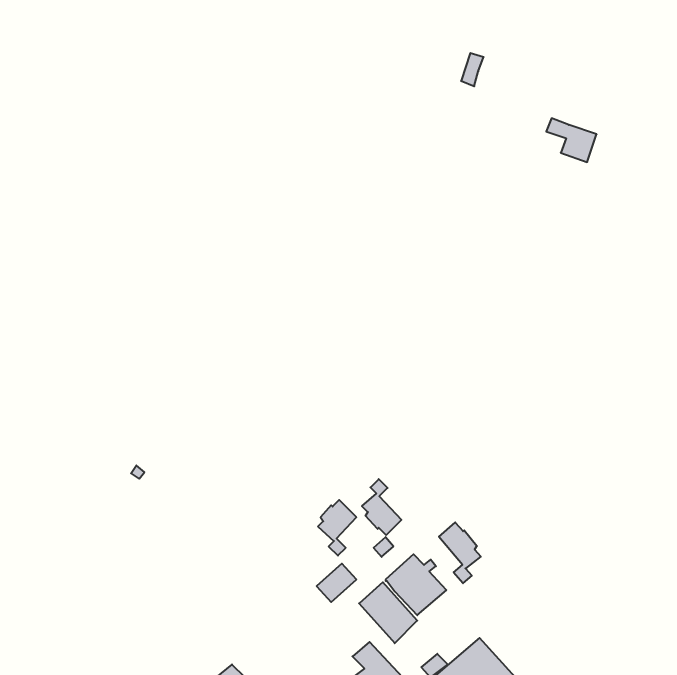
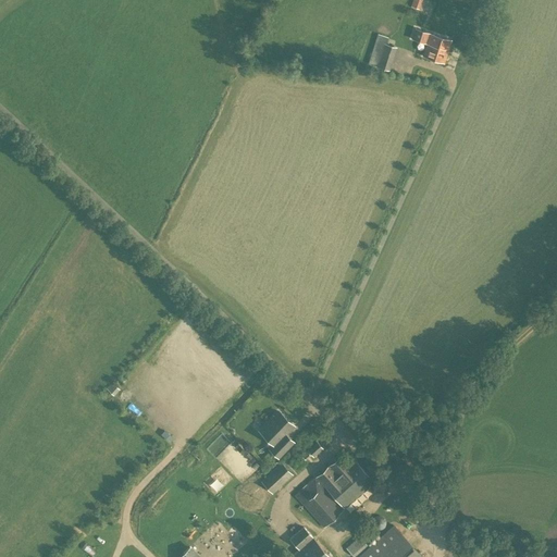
building: [546,118,597,162] -> [410,29,451,65]
building: [362,479,401,535] -> none
building: [439,522,481,583] -> none

